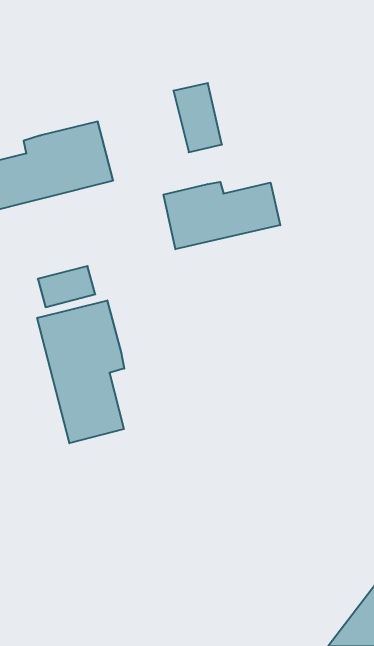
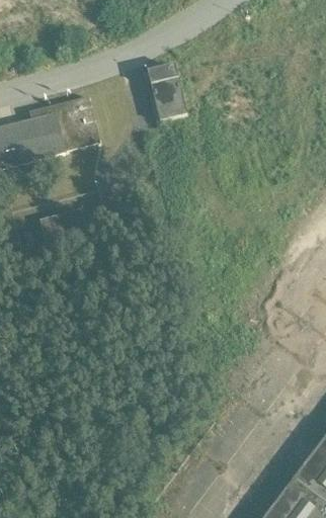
building: [163,182,280,249] -> none
building: [37,300,124,443] -> none

